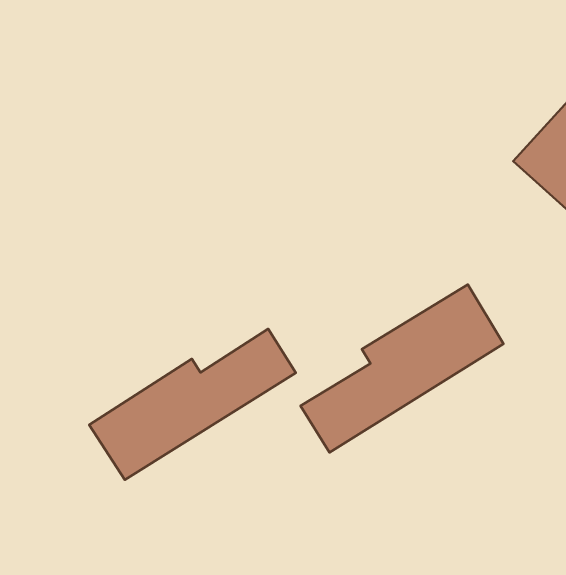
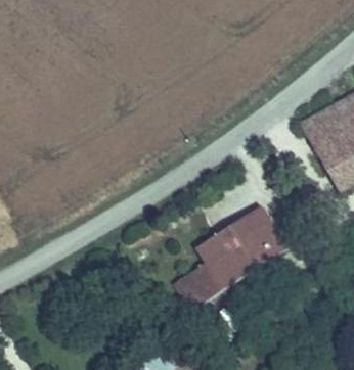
building: [89,329,296,480] -> none

